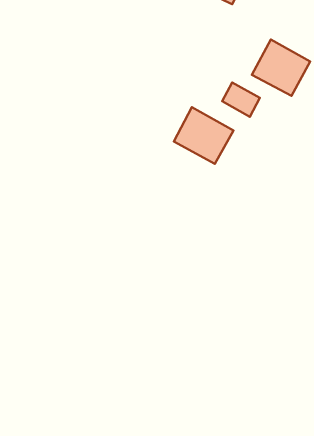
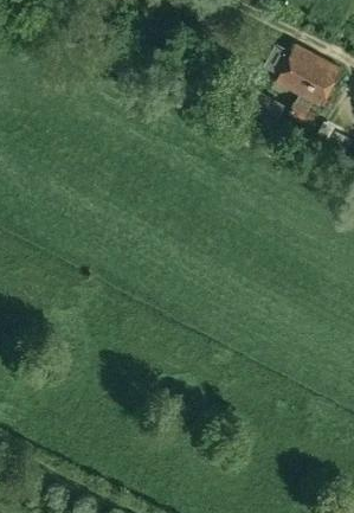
building: [174,107,234,164] -> none

